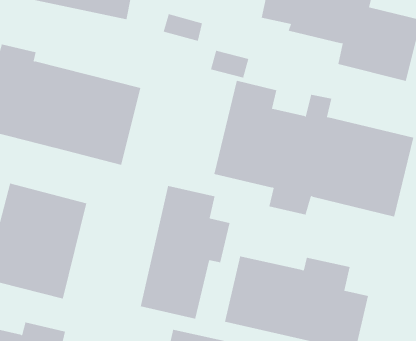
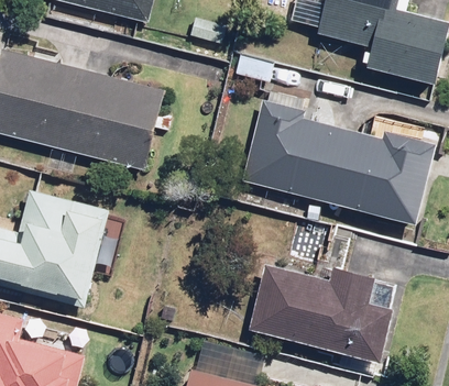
building: [140,185,230,319] -> none

